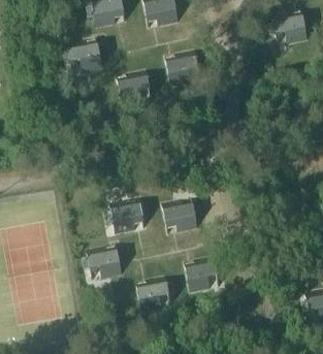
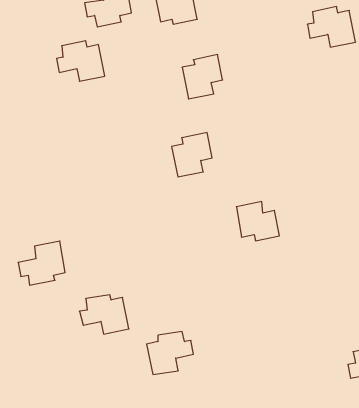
building: [117,70,150,106] -> [172,133,212,177]
building: [105,197,143,233] -> [18,241,65,285]
building: [162,200,197,232] -> [236,202,279,241]
building: [185,257,223,292] -> none

